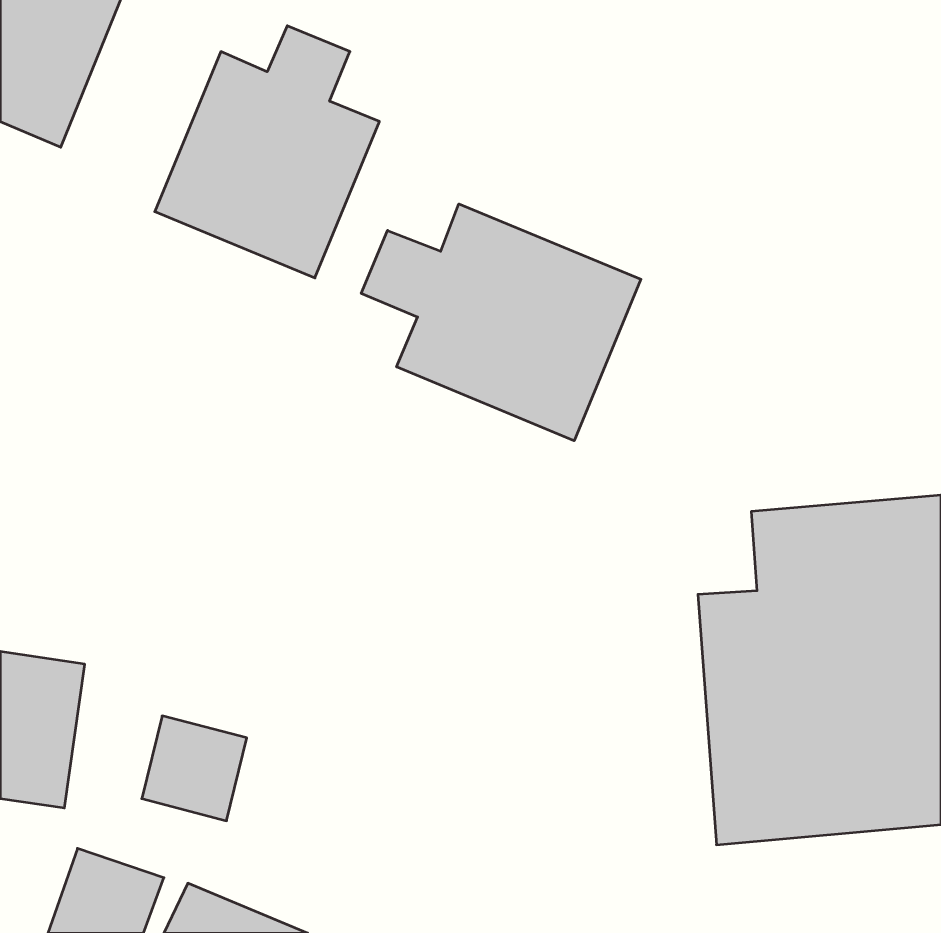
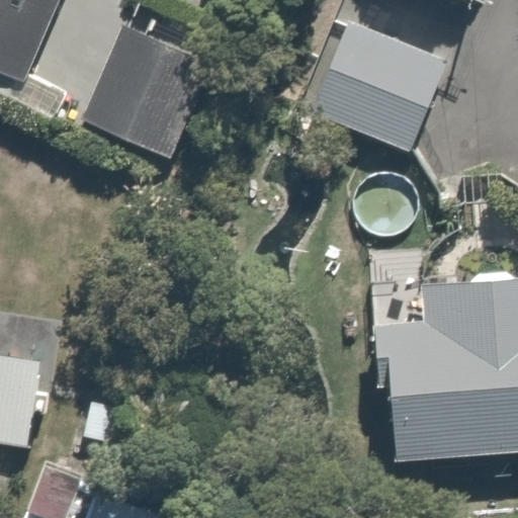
building: none -> [316,26,440,161]
building: [361,204,641,441] -> none

